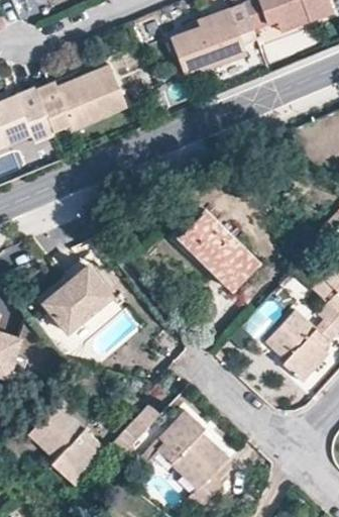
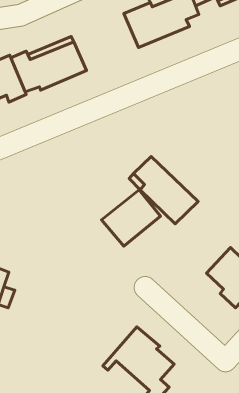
building: [40,262,110,328] -> [102,190,160,246]
building: [26,401,102,484] -> none
building: [110,407,155,461] -> none

